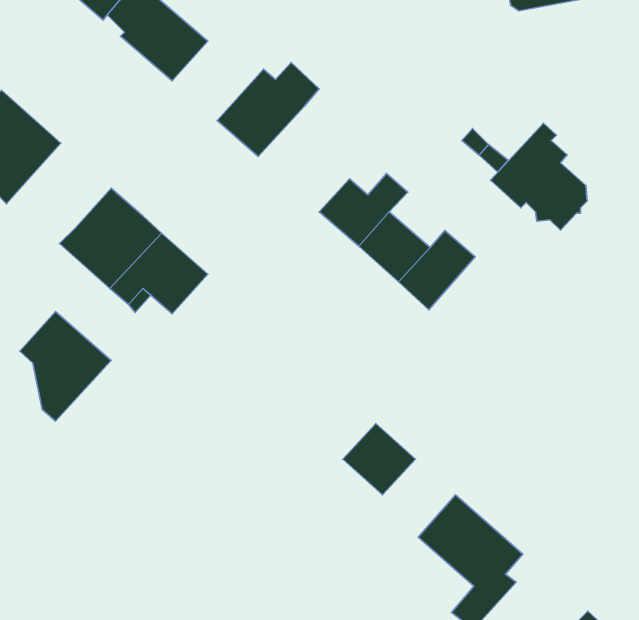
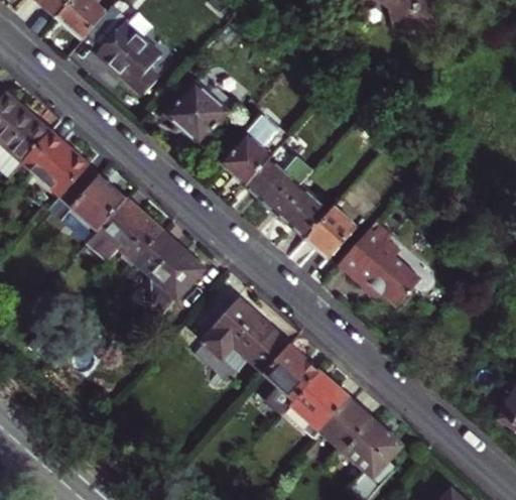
building: [490,123,587,230] -> [336,221,409,302]
building: none -> [222,117,277,183]
building: none -> [22,131,88,196]
building: [20,311,111,421] -> [134,231,204,315]
building: none -> [203,300,289,372]
building: none -> [291,372,350,431]

